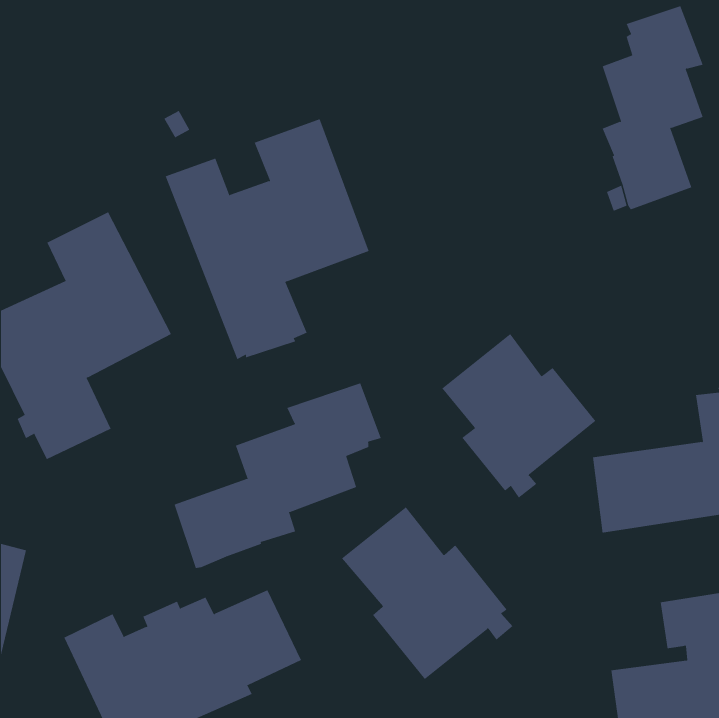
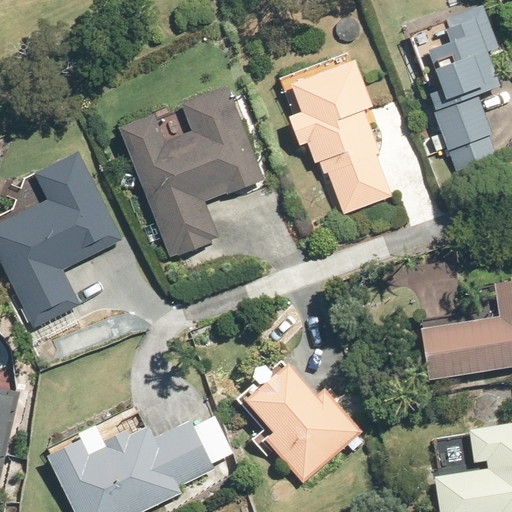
building: none -> [288,60,393,214]
building: [442,333,596,498] -> none
building: [174,383,381,569] -> none

